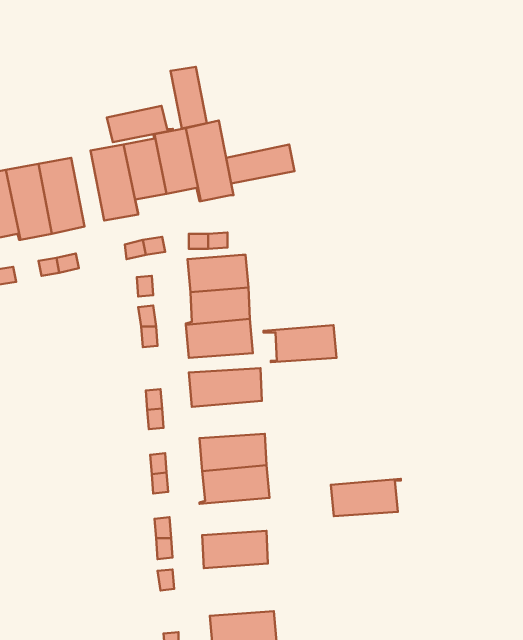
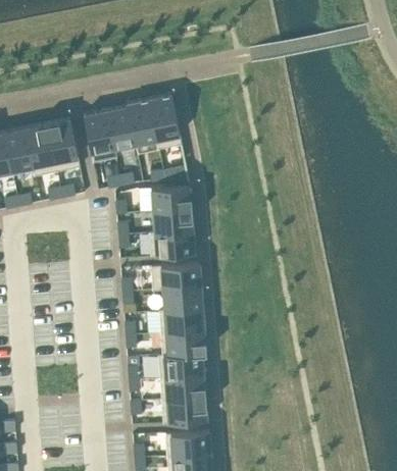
building: [170,67,207,129] -> none
building: [107,106,173,142] -> none
building: [226,144,295,184] -> none
building: [263,325,336,362] -> [153,285,203,311]
building: [331,479,401,516] -> [158,352,206,377]
building: none -> [161,397,207,422]

